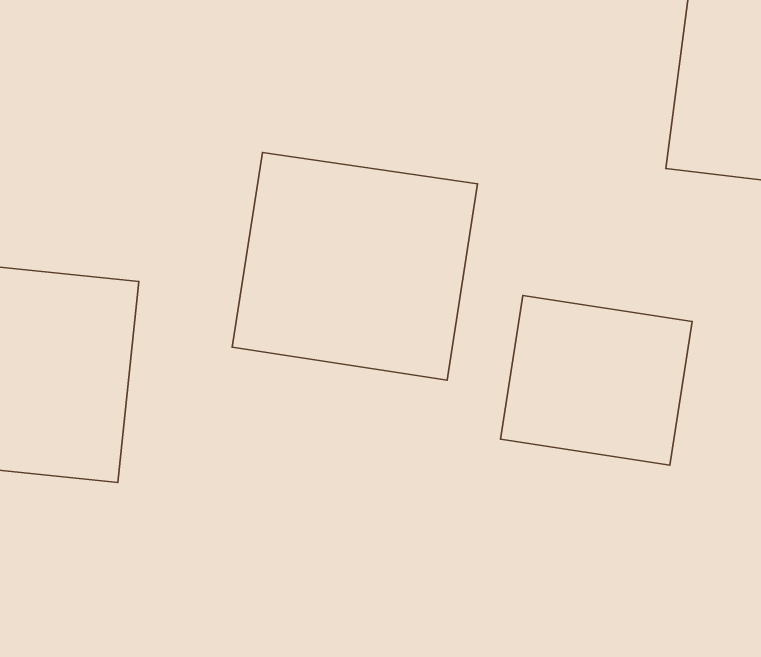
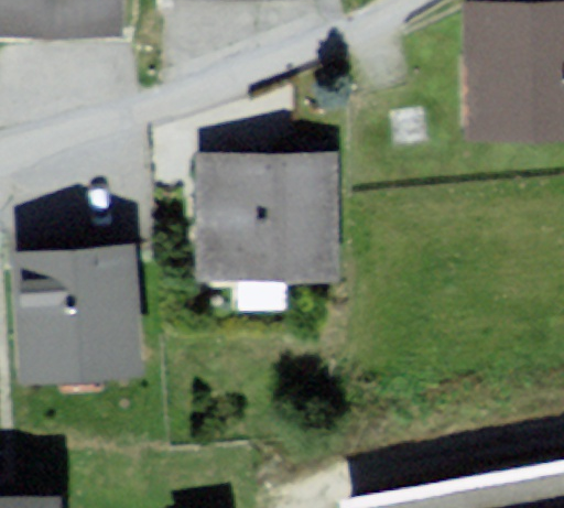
building: [501,296,692,465] -> none

